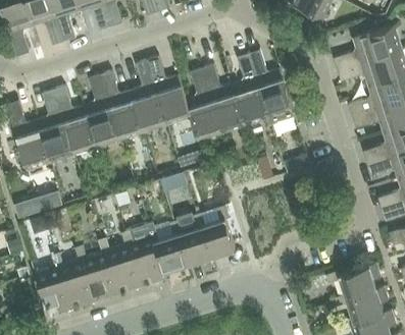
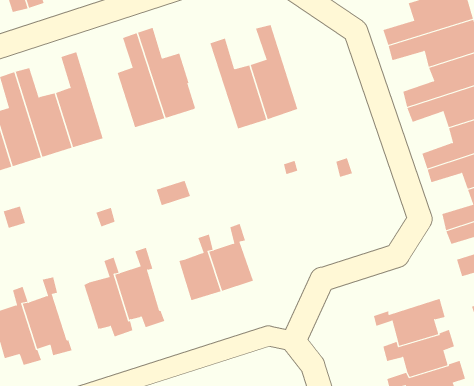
building: [248,50,293,118] -> none
building: [185,68,222,141] -> none
building: [100,71,144,141] -> none
building: [154,220,187,271] -> none
building: [82,238,119,298] -> none

